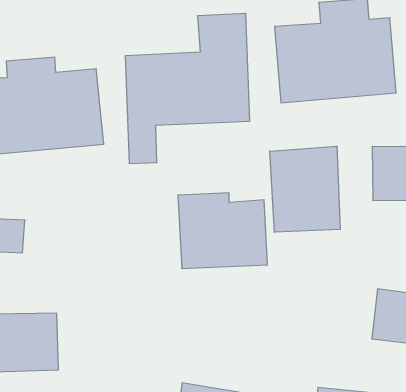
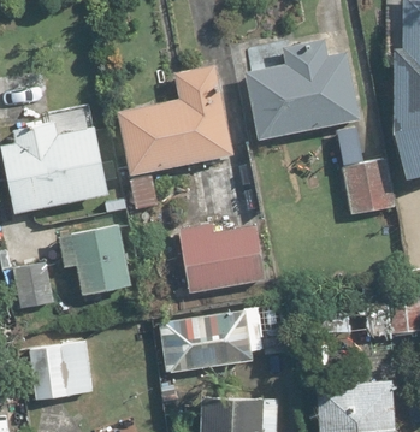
building: [270,146,340,232] -> none
building: none -> [55,226,130,295]
building: none -> [155,307,284,374]

